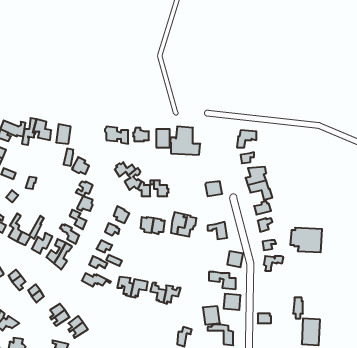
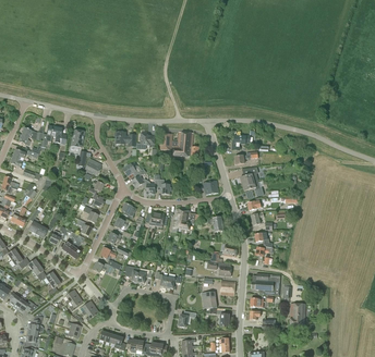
building: [290,228,322,252] -> [252,273,280,295]

